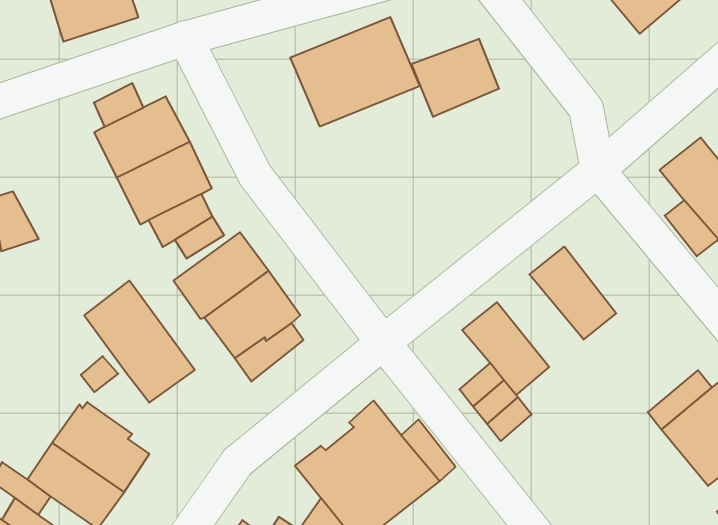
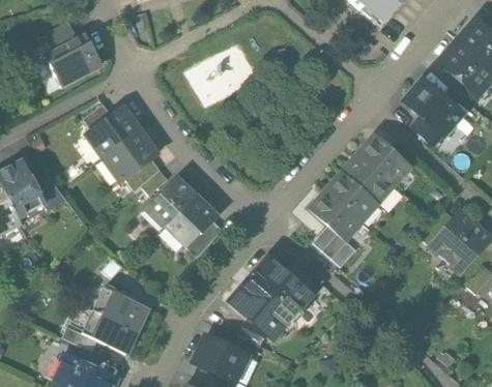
building: [412,39,499,117] -> none
building: none -> [357,136,409,185]
building: none -> [325,172,377,221]
building: [84,281,195,403] -> none

